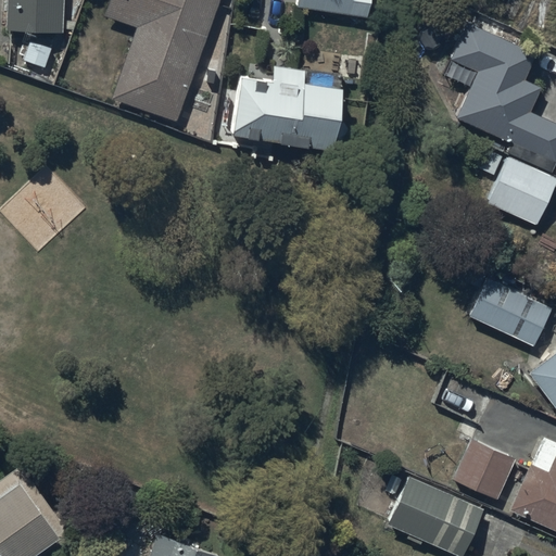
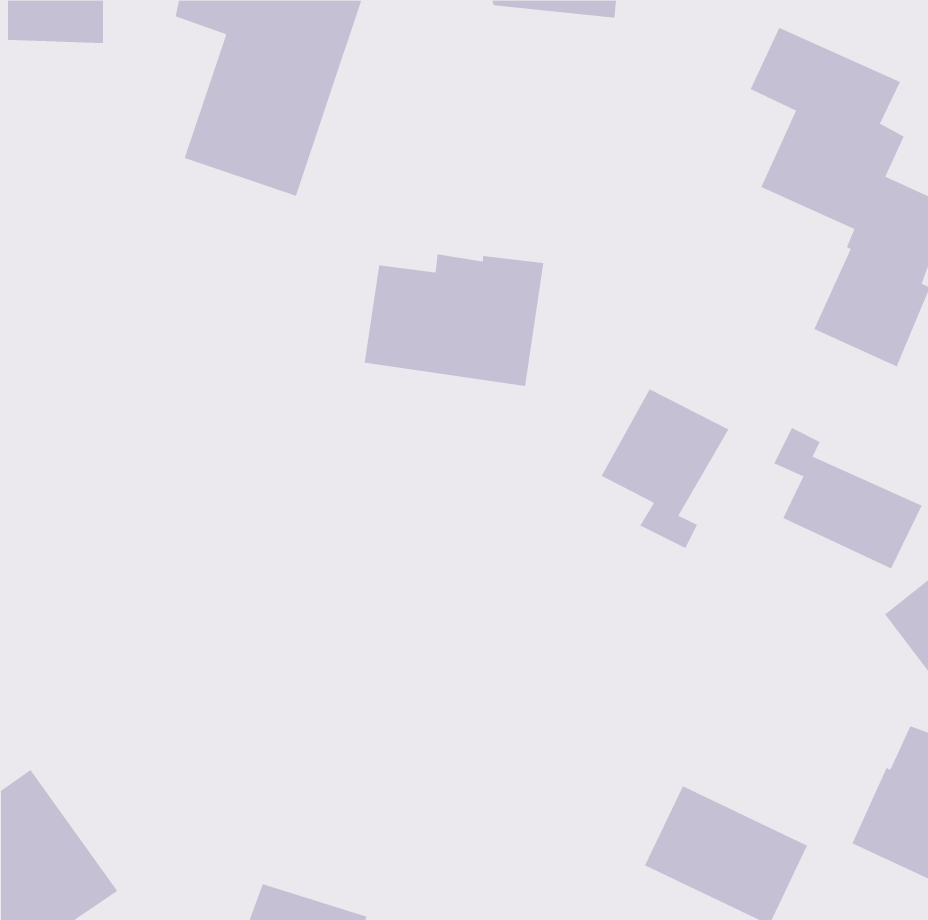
building: [230,67,338,147] -> [364,254,544,387]
building: none -> [601,388,729,549]
building: [453,440,516,500] -> none

